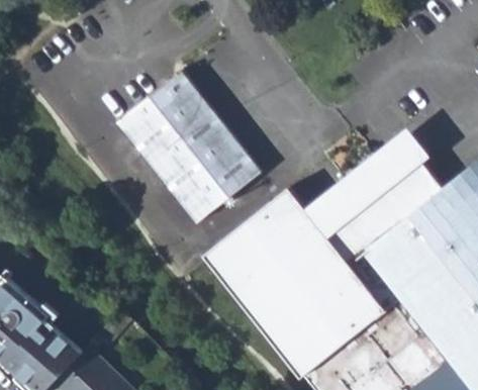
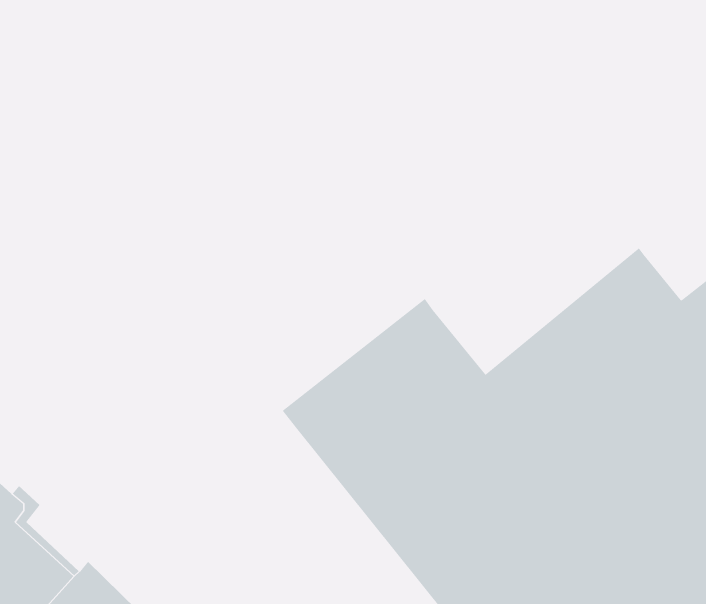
building: [115,75,261,225] -> none
building: [295,112,431,233] -> none

